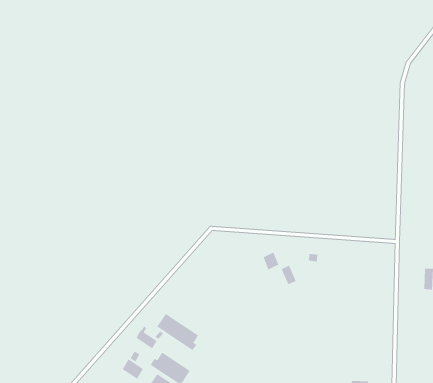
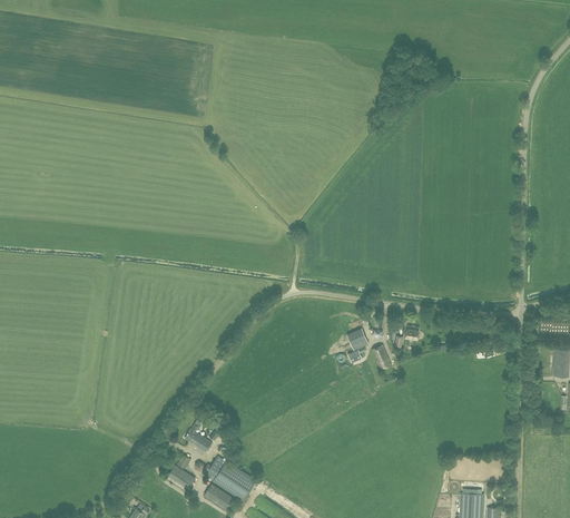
building: [156,313,199,351] -> none

